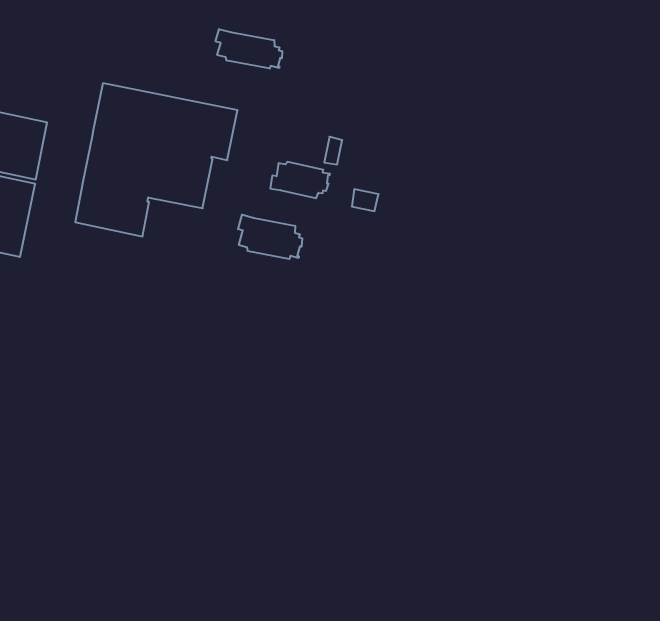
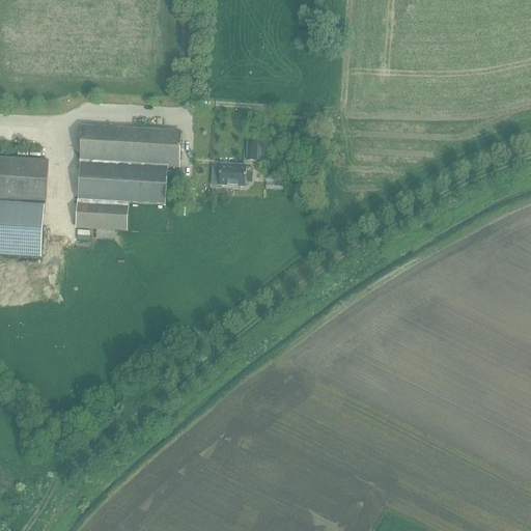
building: [216,29,282,69] -> none
building: [238,215,302,259] -> none

